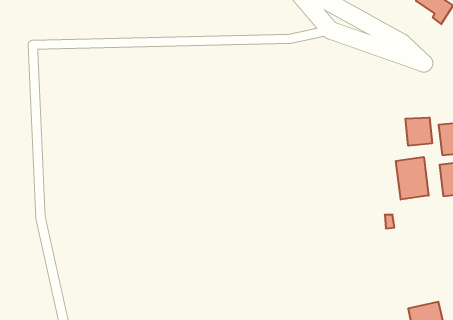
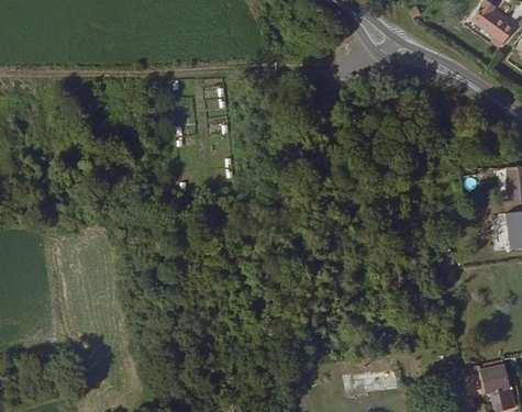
building: [406,117,432,146] -> none
building: [396,157,429,200] -> none

